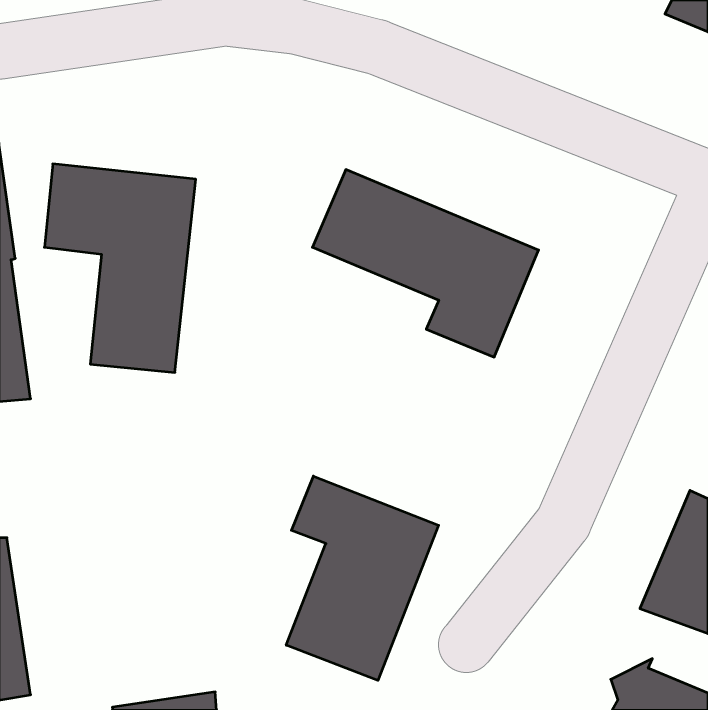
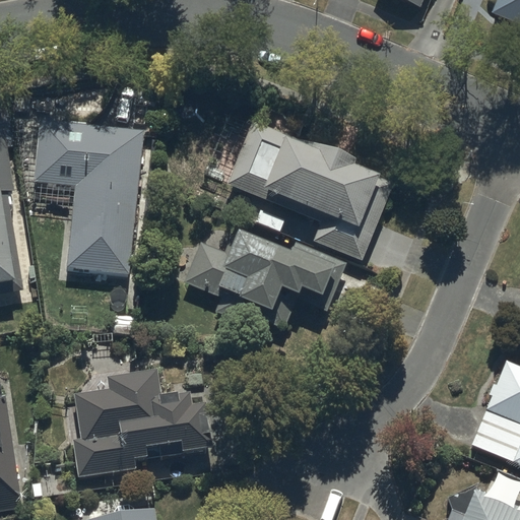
building: none -> [184,228,346,335]
building: [286,476,439,680] -> none
building: none -> [71,372,210,477]

